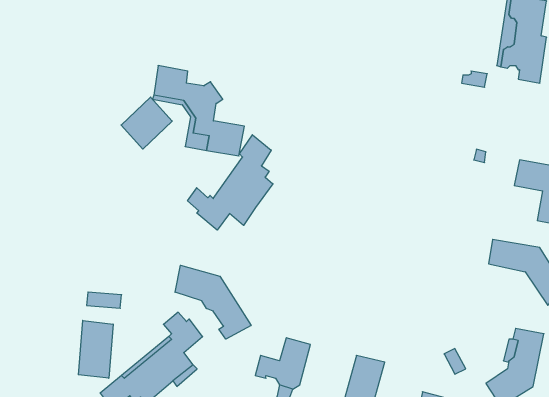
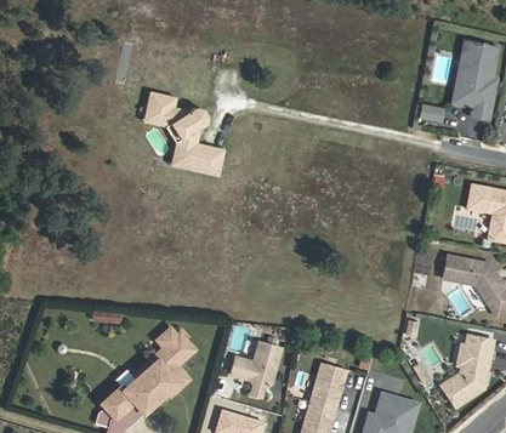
building: [121,97,172,149] -> none
building: [188,135,273,230] -> none
building: [175,265,251,339] -> none
building: [78,320,113,378] -> none

